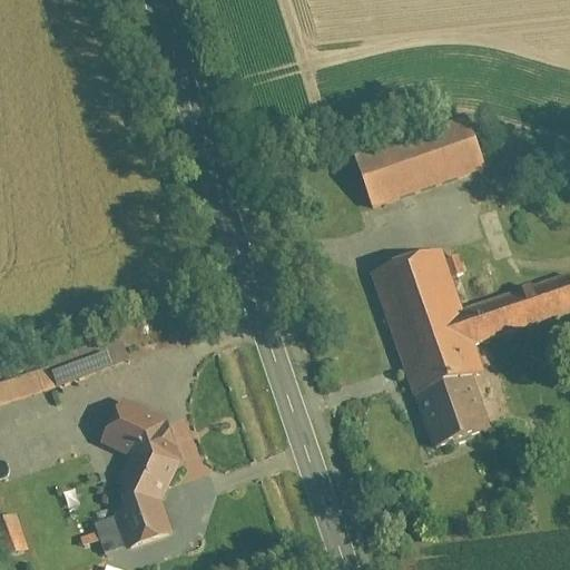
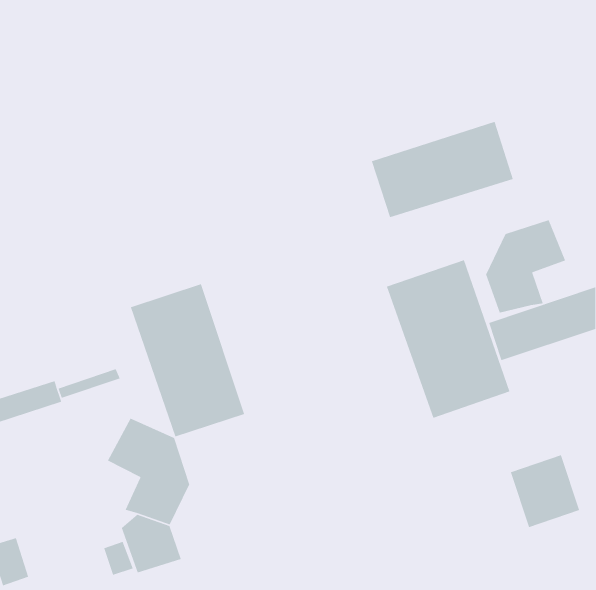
building: none -> [485,219,566,314]
building: none -> [130,283,245,438]
building: [416,380,483,450] -> [510,454,580,528]

